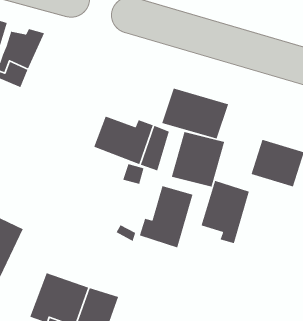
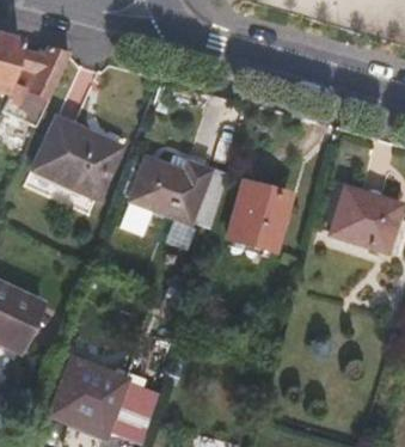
building: none -> [31,117,117,198]
building: [161,88,229,140] -> none
building: [200,180,250,244] -> none
building: [139,185,193,248] -> none

